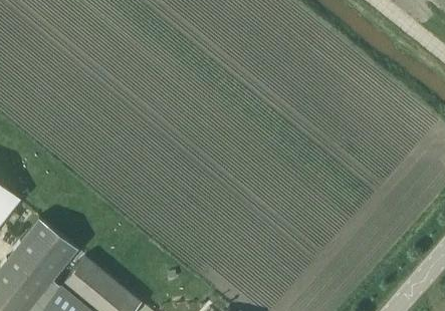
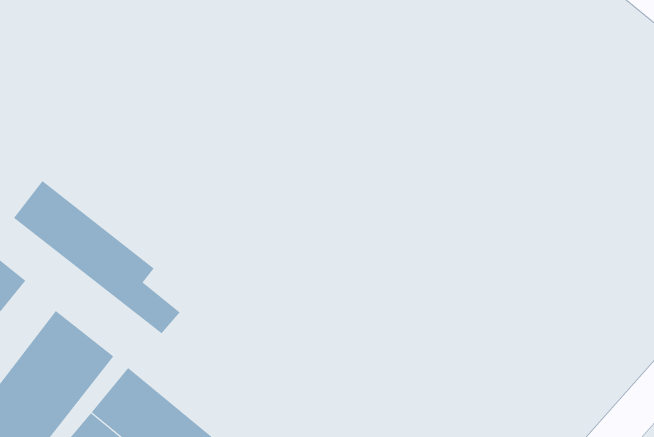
building: none -> [13,180,180,334]

